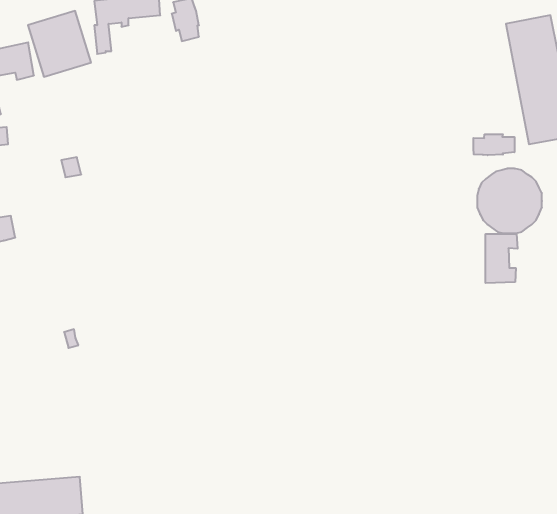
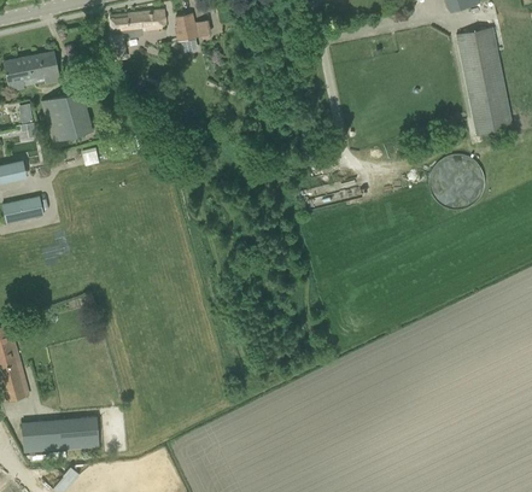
building: [28,11,91,77] -> [41,87,94,142]
building: [473,134,514,155] -> none
building: [486,234,518,283] -> none

